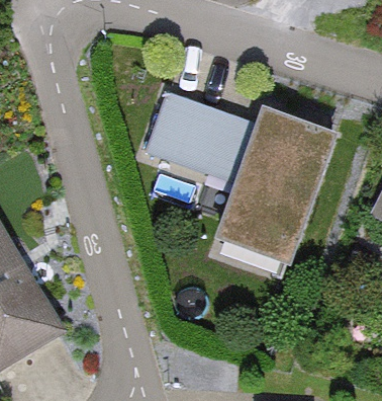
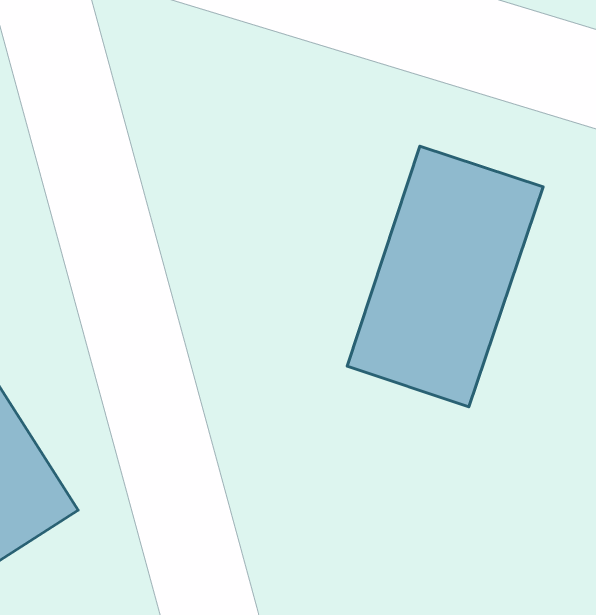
building: [149,92,238,174] -> none

